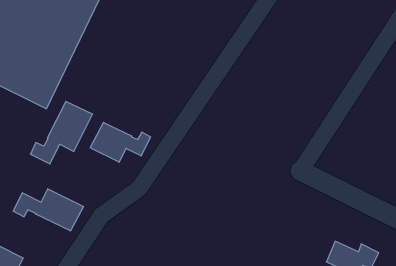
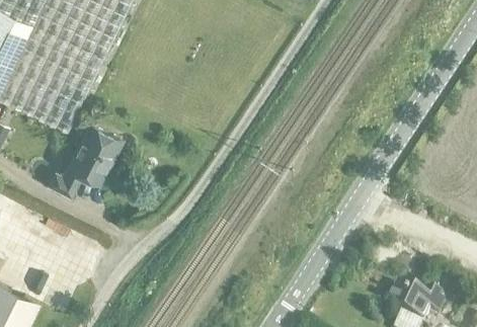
building: [90,122,151,162] -> none
building: [13,189,83,231] -> none

